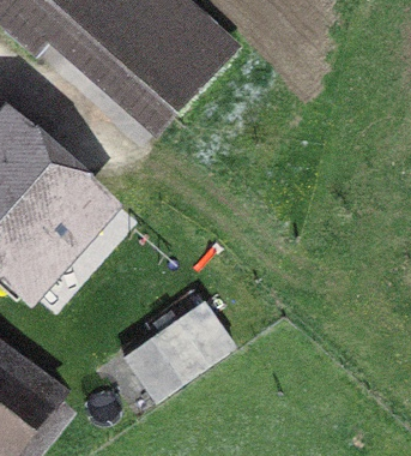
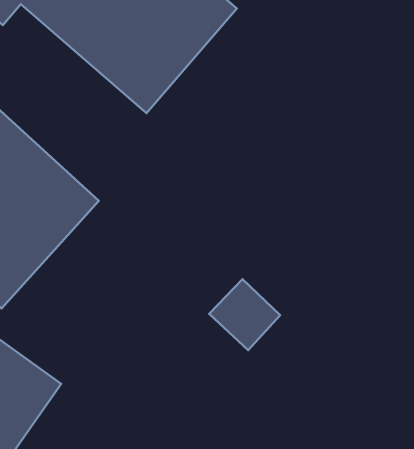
building: [116,296,228,401] -> none

